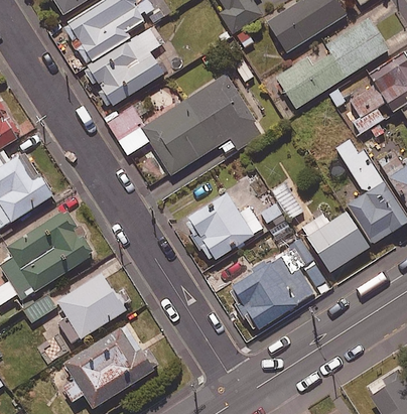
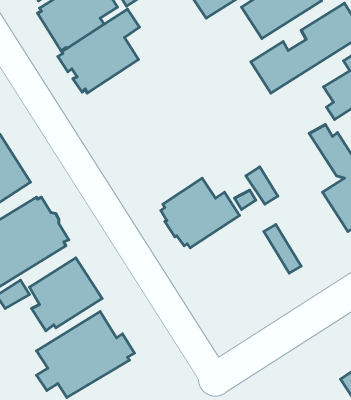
building: [103,71,264,174] -> none
building: [301,206,370,274] -> none
building: [229,251,315,331] -> none

